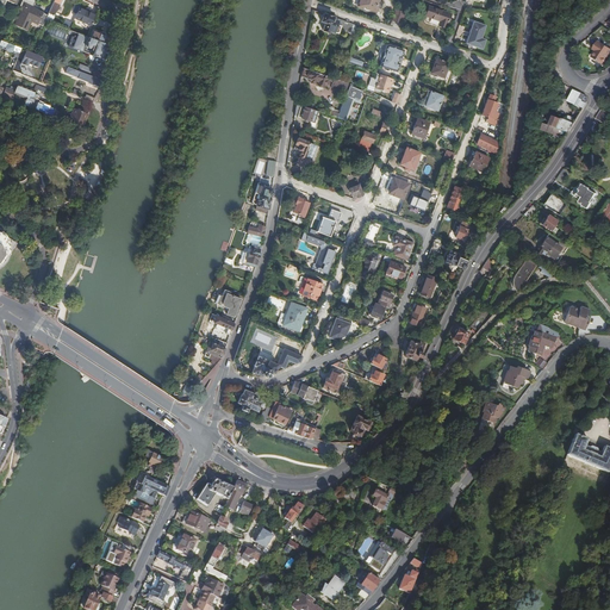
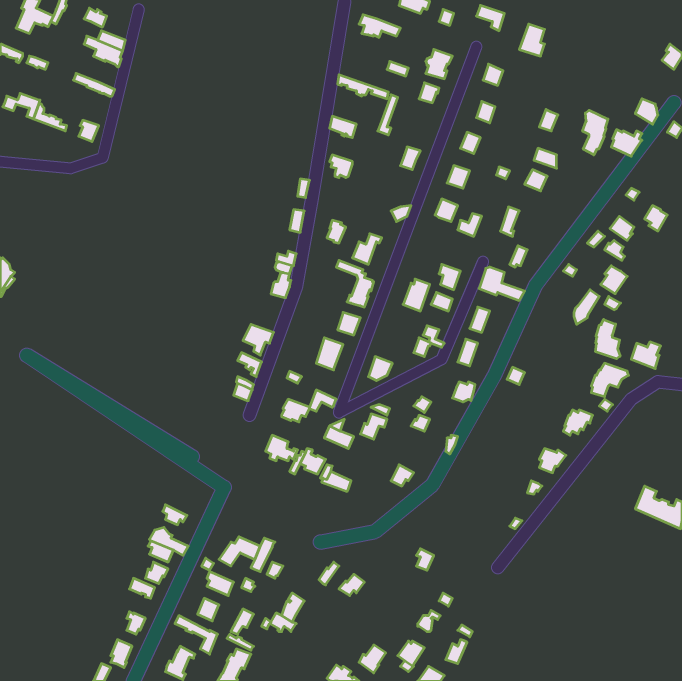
building: none -> [583,110,608,155]
building: none -> [596,319,620,359]

